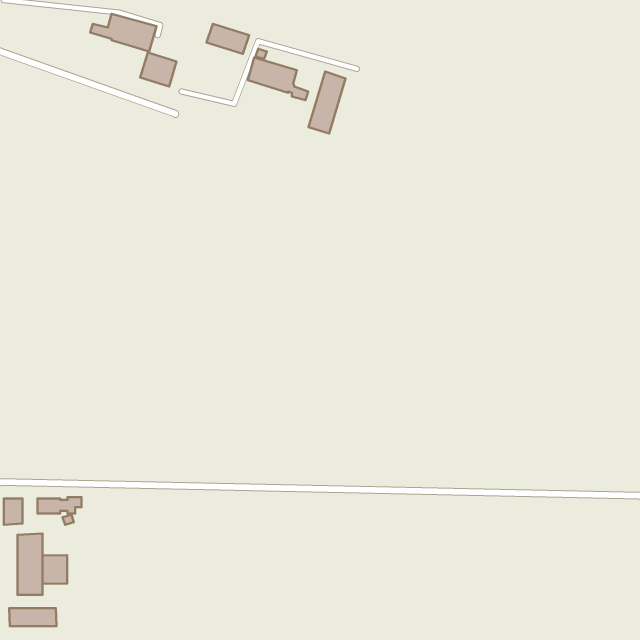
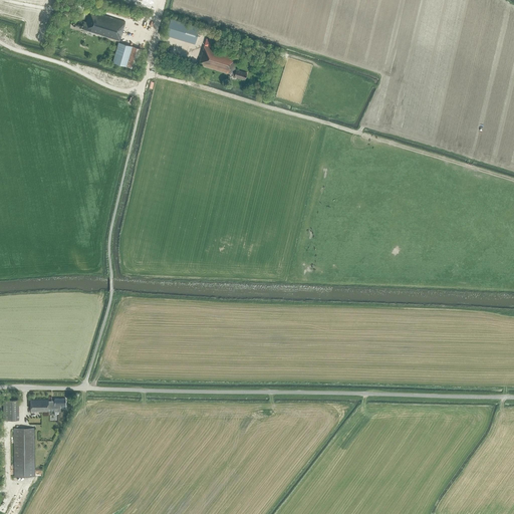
building: [309,71,345,133] -> none
building: [43,555,67,584] -> none
building: [9,608,56,626] -> none

